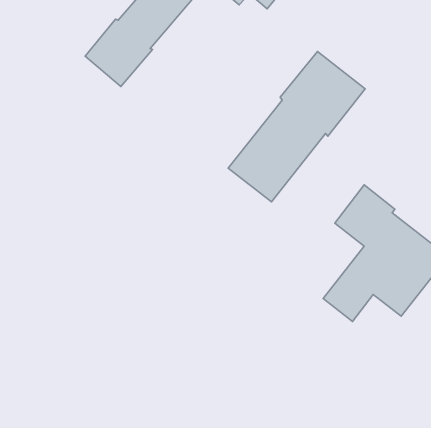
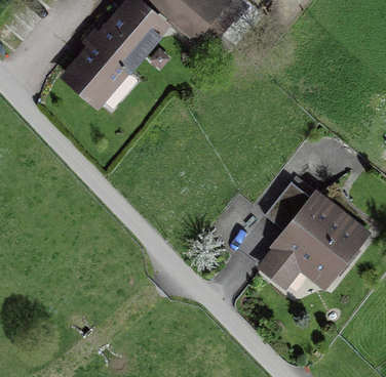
building: [228,51,365,202] -> none

